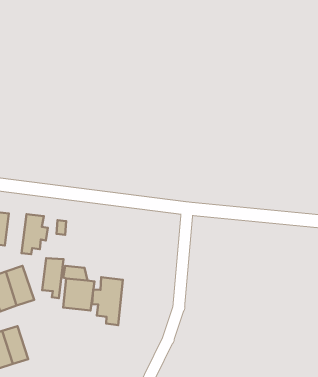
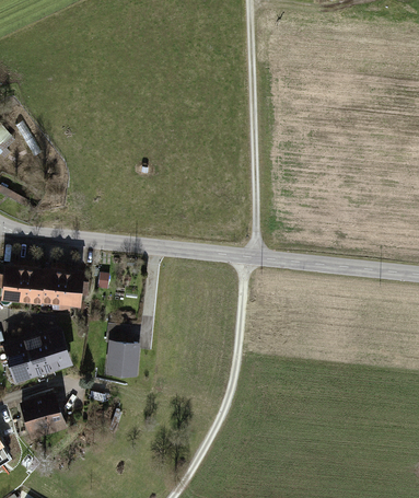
building: [42,258,64,298] -> [39,266,63,311]
building: [92,277,123,325] -> none

